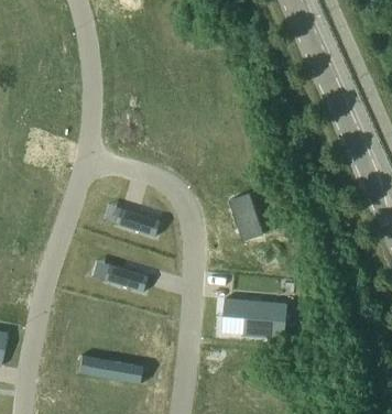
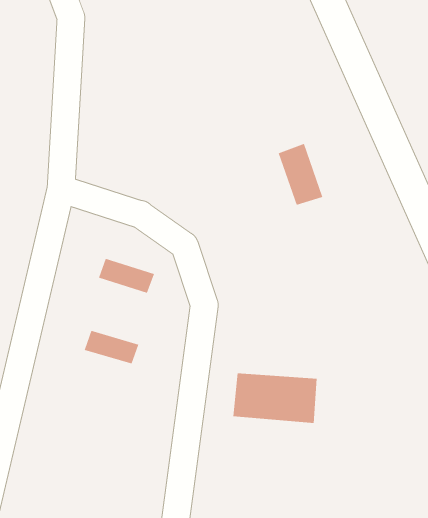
building: [228,193,263,241] -> [278,143,323,206]
building: [78,353,143,384] -> none

